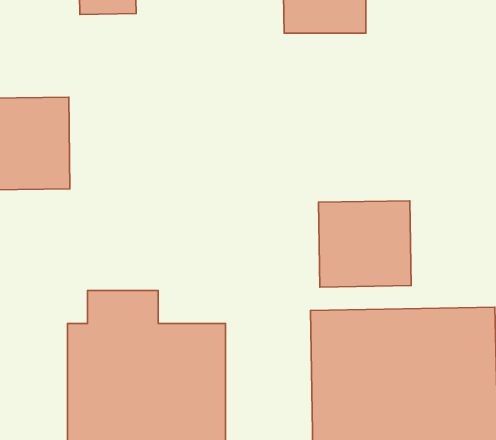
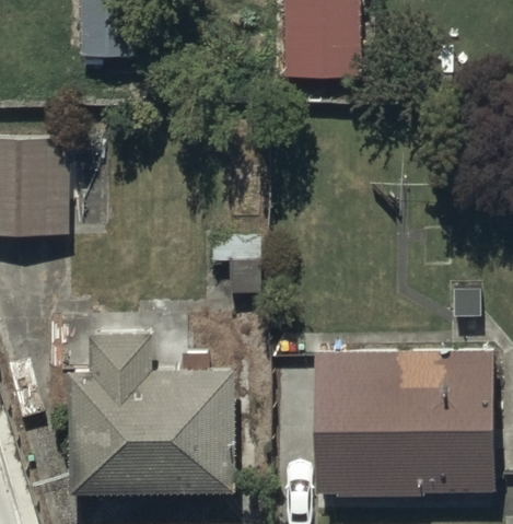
building: [319,201,411,287] -> none

